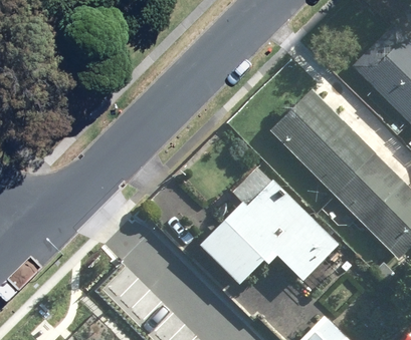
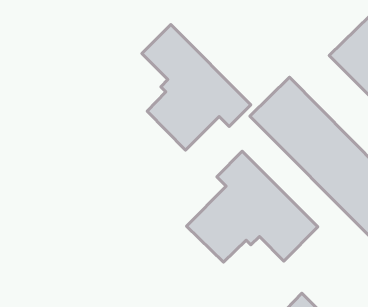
building: none -> [142,25,251,150]

